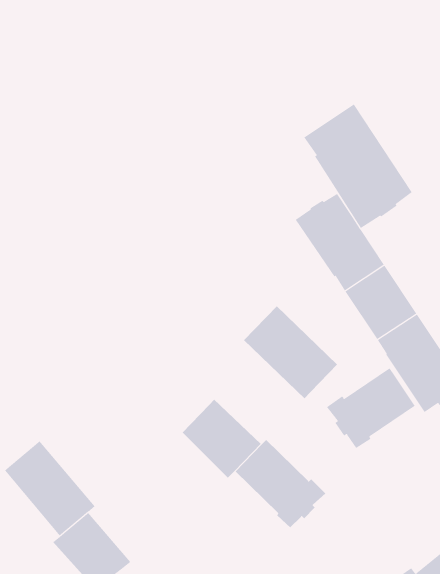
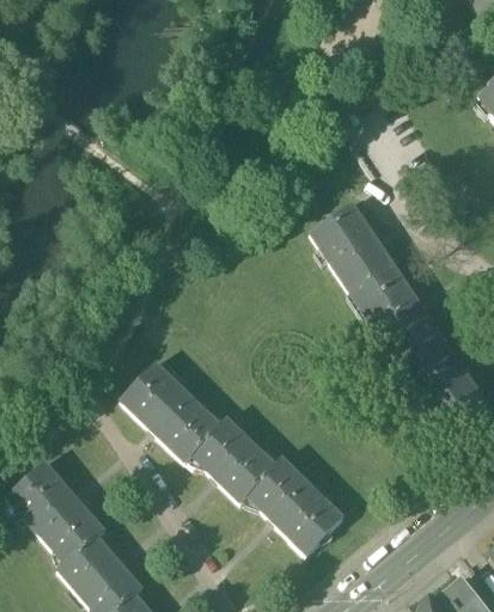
building: [303,104,413,229] -> none
building: [243,306,338,399] -> [122,363,220,460]
building: [326,367,415,449] -> none

